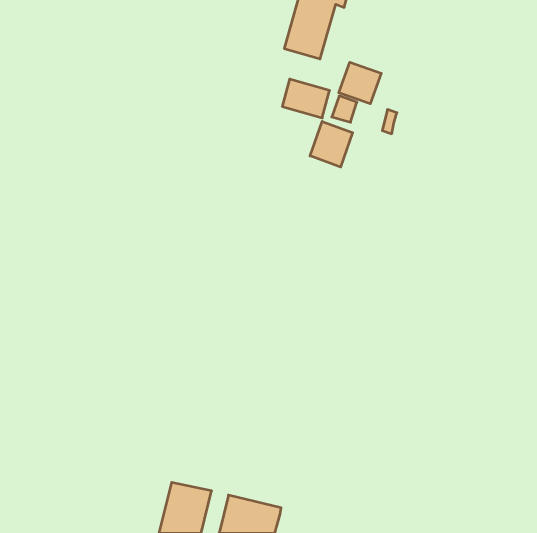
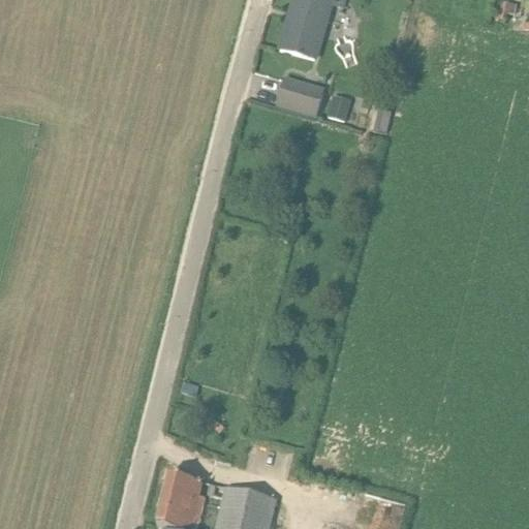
building: [339,62,381,104] -> none
building: [310,121,353,167] -> none

